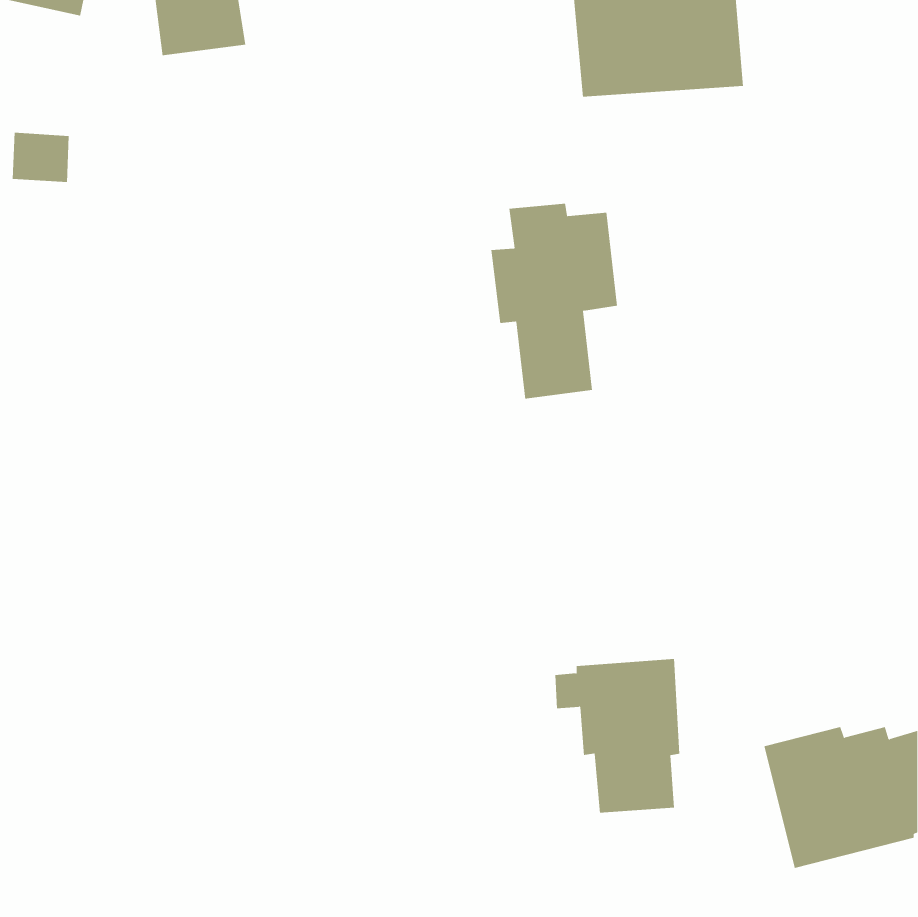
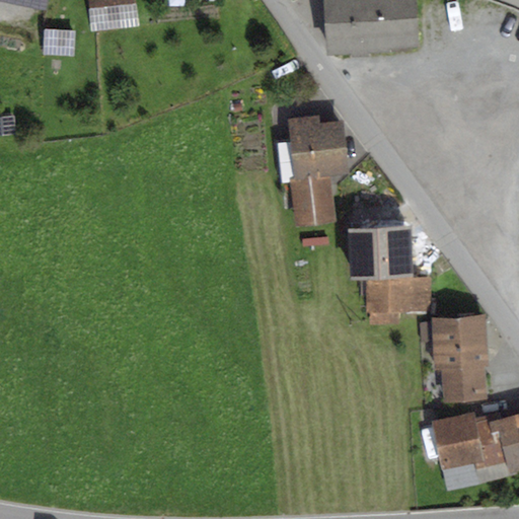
building: [12,132,69,183] -> [43,27,75,56]
building: none -> [348,225,431,324]
building: [554,659,680,813] -> [420,313,491,400]

